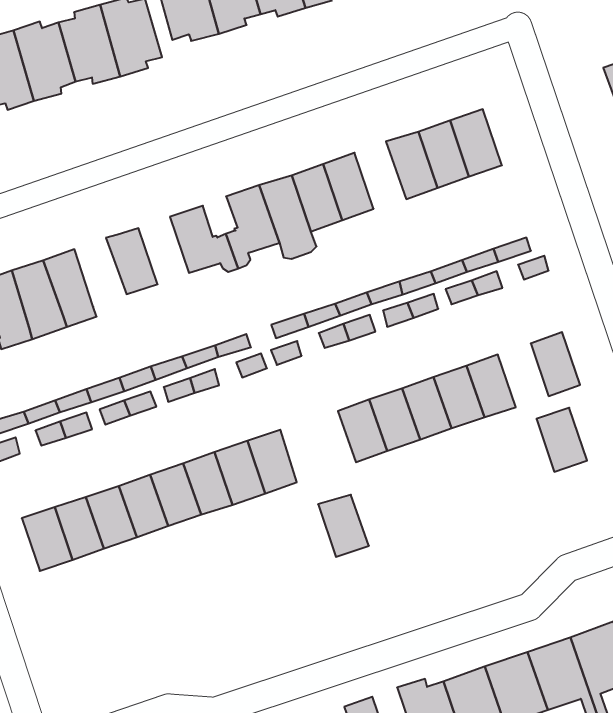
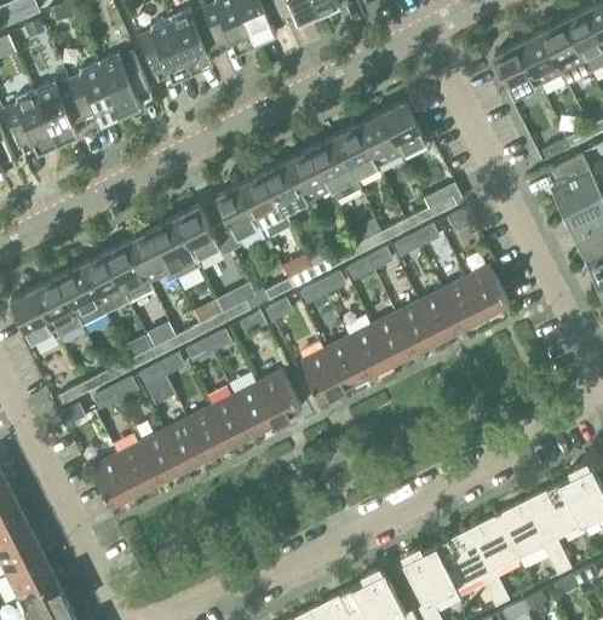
building: none -> [310,137,360,201]
building: none -> [151,218,200,279]
building: none -> [104,241,154,303]
building: [536,408,587,472] -> [442,277,486,328]
building: [318,495,369,557] -> [300,350,344,400]

